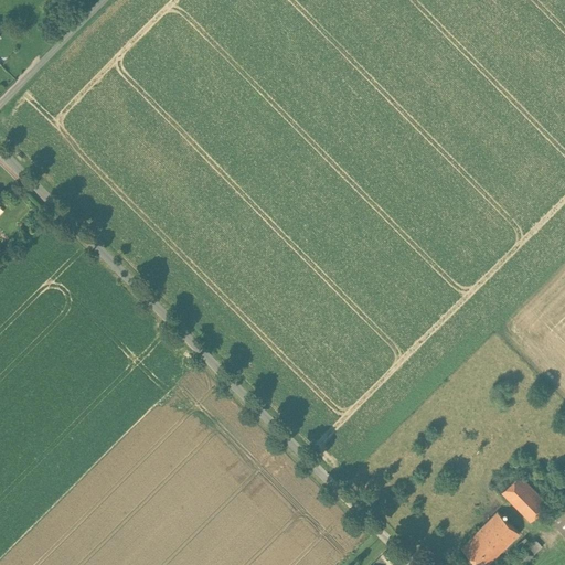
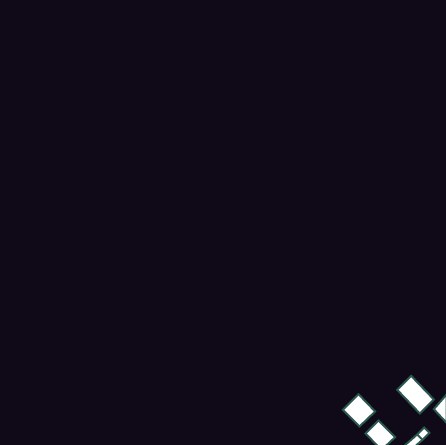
building: [479,513,520,554] -> [343,394,375,426]

